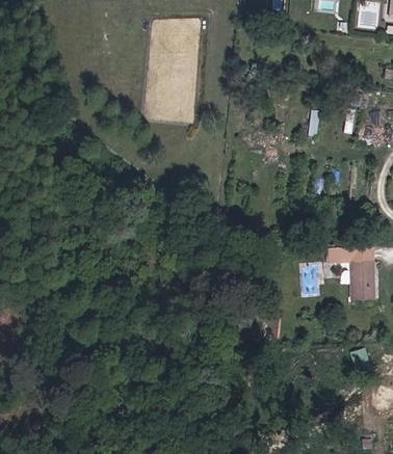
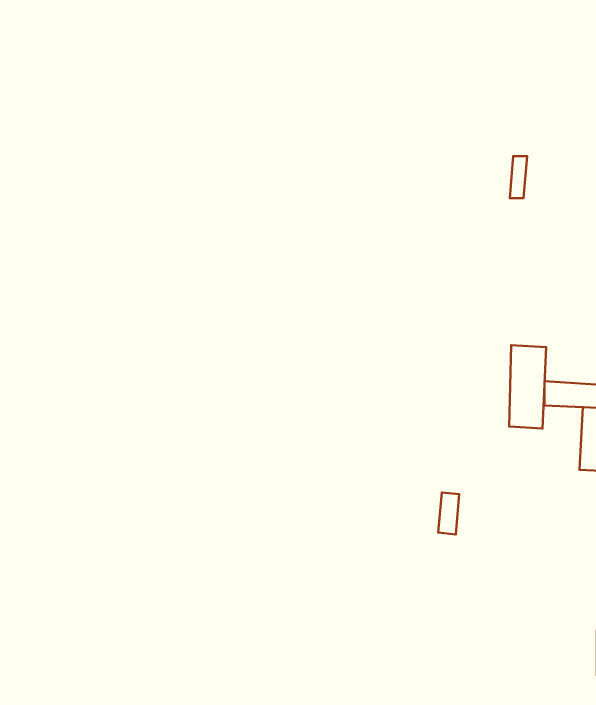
building: none -> [509,345,546,428]

